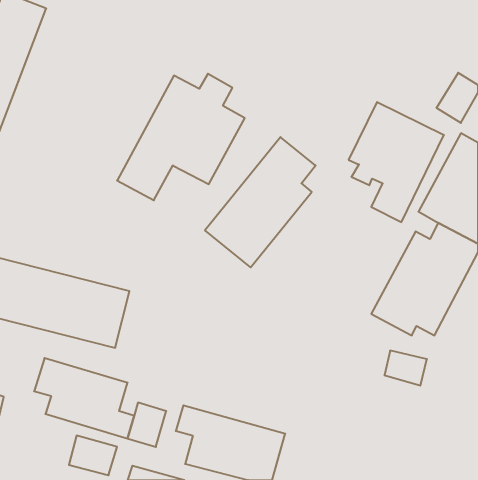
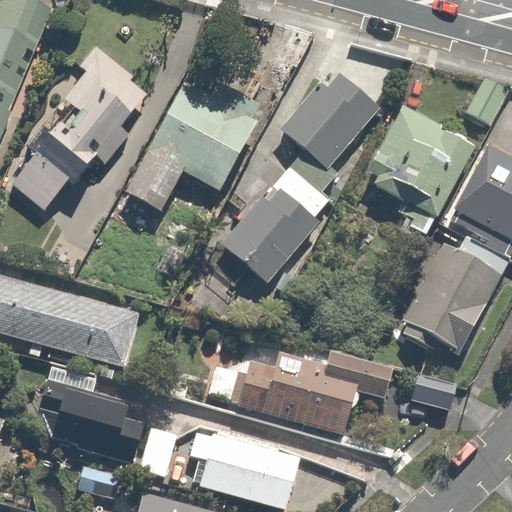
building: none -> [10,42,159,211]
building: none -> [273,75,380,172]
building: none -> [205,347,400,433]

